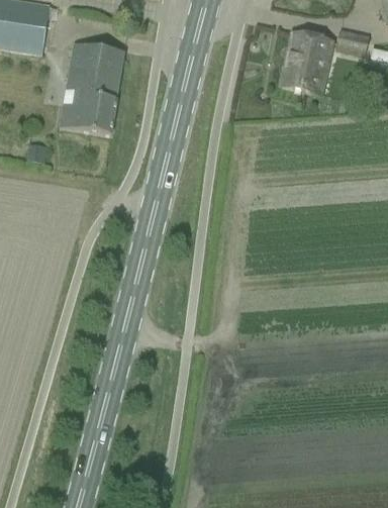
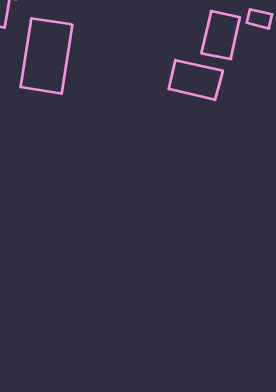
building: none -> [169,60,223,100]

